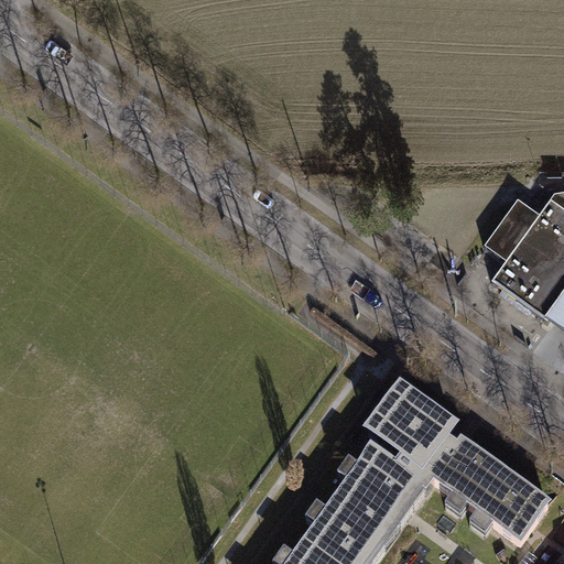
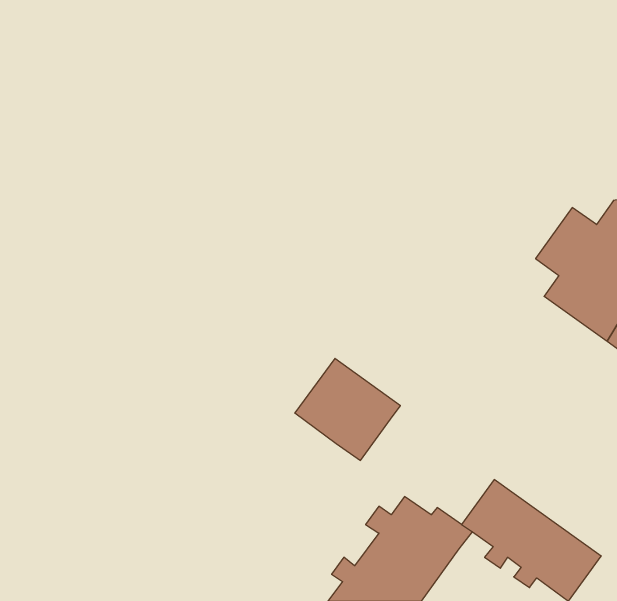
building: [362,383,458,476] -> [295,358,400,460]

